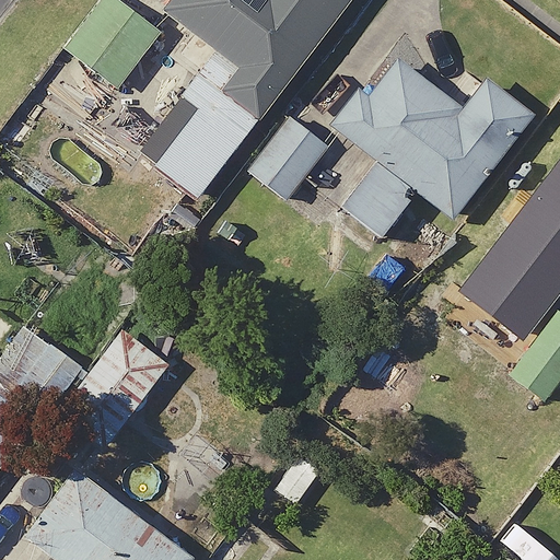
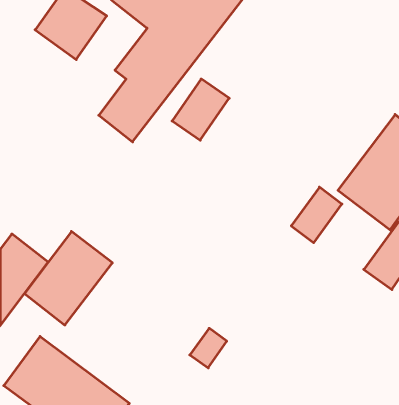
building: [338,56,532,236] -> none

